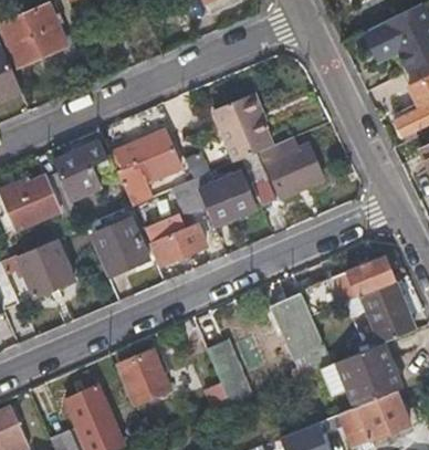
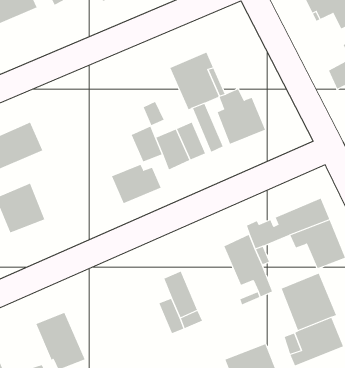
building: [109,130,179,203] -> none
building: [53,144,112,212] -> none
building: [94,218,149,274] -> none
building: [119,349,170,404] -> none

